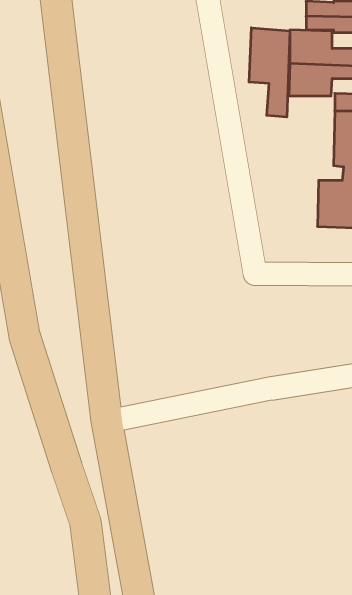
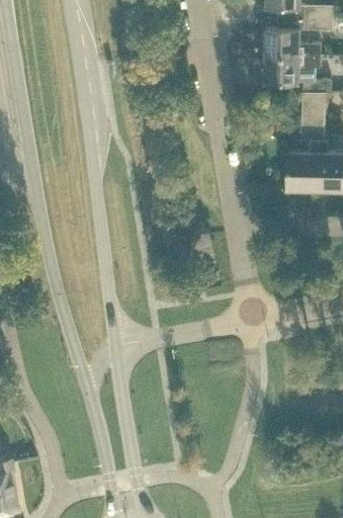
building: [249,28,290,117] -> none

